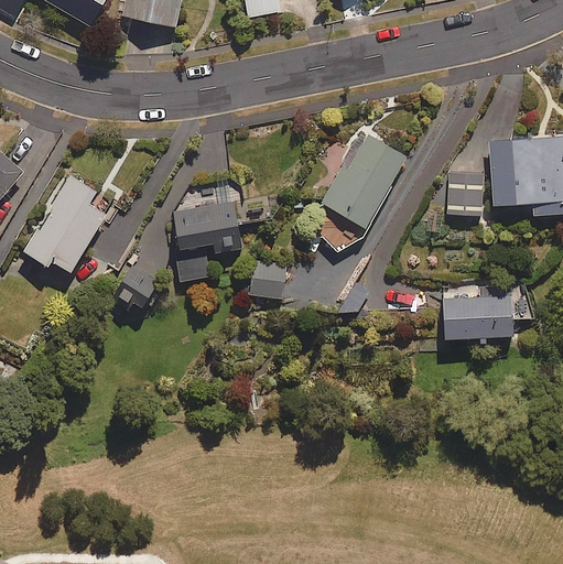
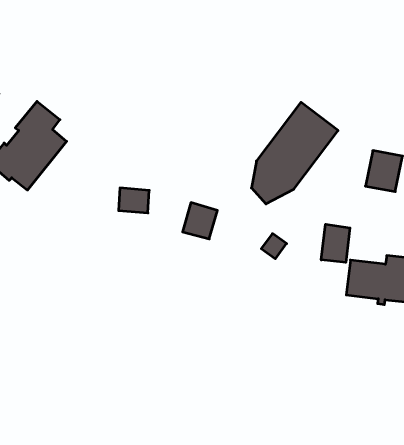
building: [173,203,242,253] -> none
building: none -> [321,224,350,262]
building: [112,267,158,308] -> none

